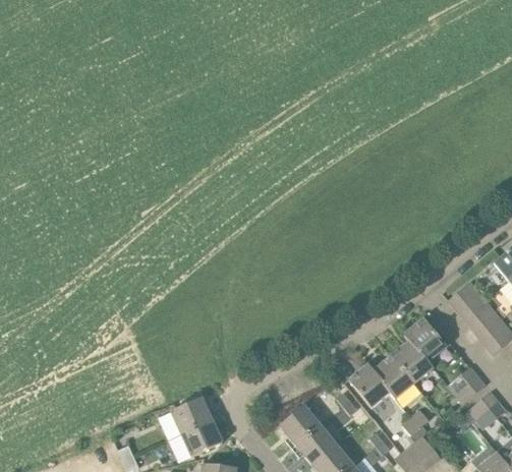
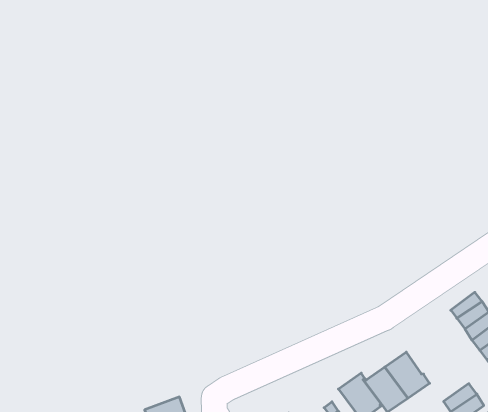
building: [403,318,446,369] -> none

